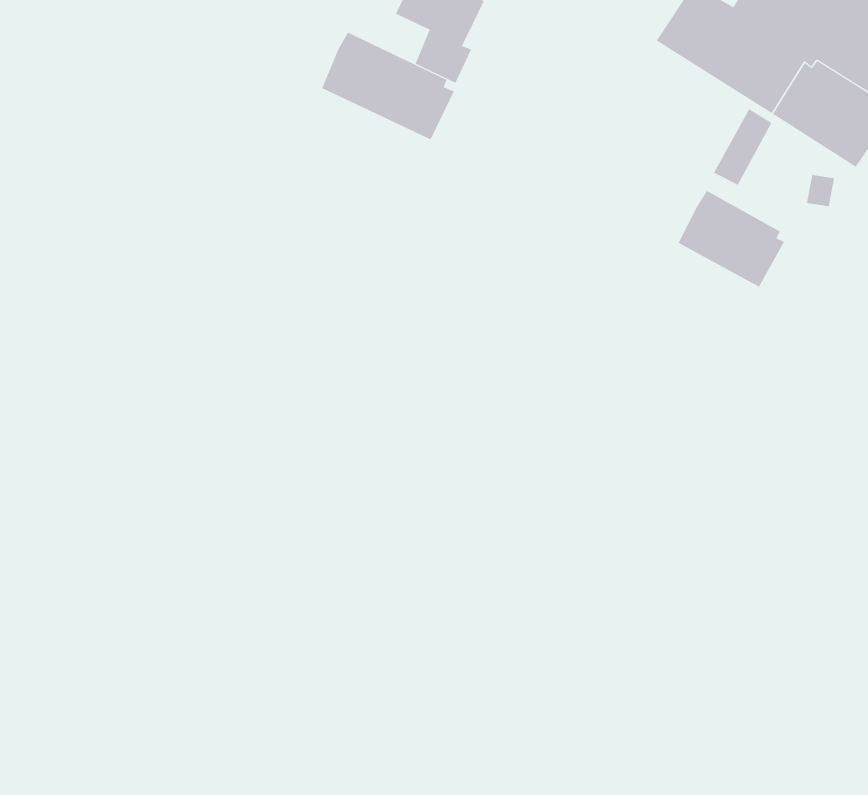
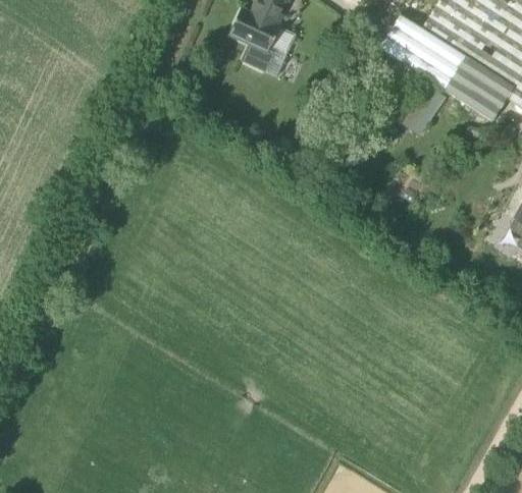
building: [321,32,455,140] -> none
building: [678,190,785,287] -> none

